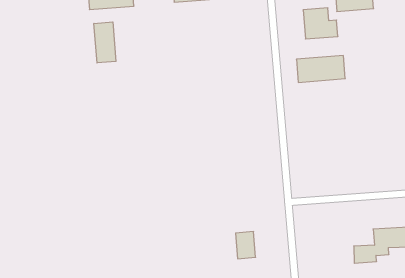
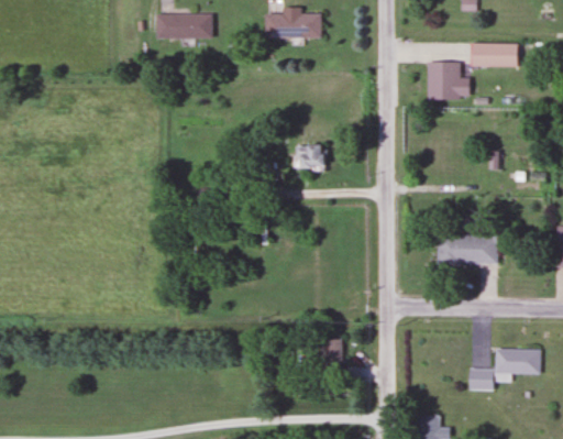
building: [94,22,116,63] -> none
building: [296,56,345,82] -> [438,234,498,264]
building: none -> [295,145,327,169]

